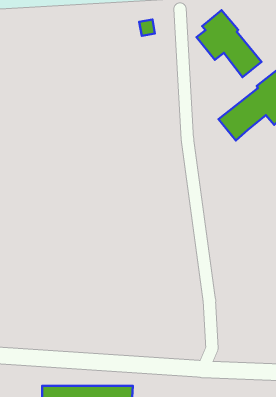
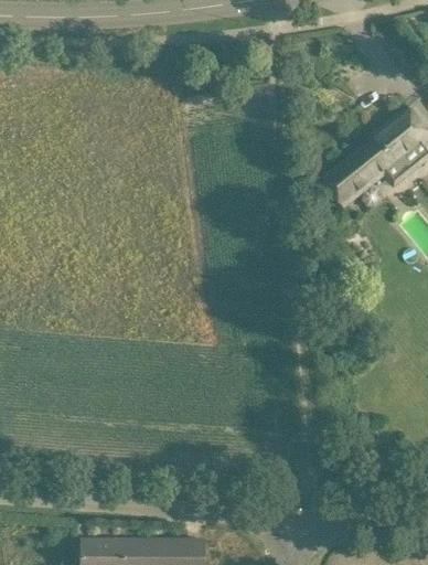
building: [196,10,261,77] -> none

